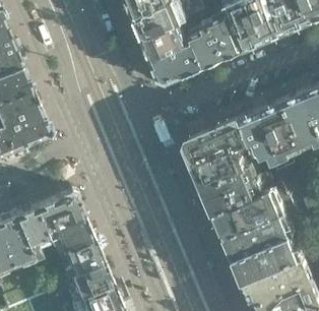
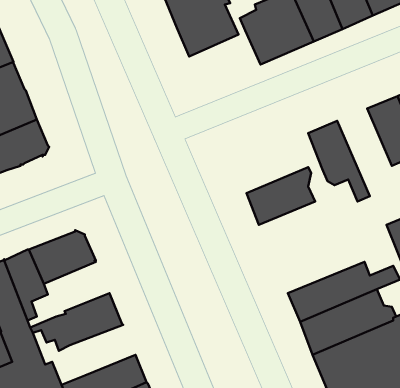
building: [150,45,203,86] -> none
building: [260,103,301,168] -> none
building: [185,121,249,166] -> none
building: [202,171,268,210] -> none
building: [213,193,292,240] -> none
building: [43,216,91,257] -> none
building: [52,263,111,301] -> none

